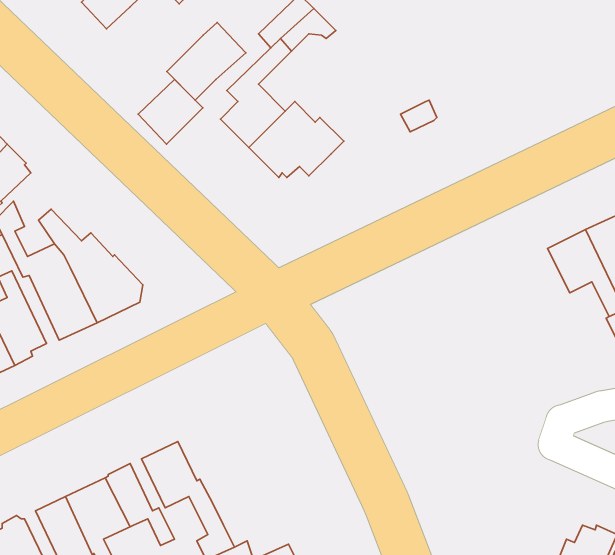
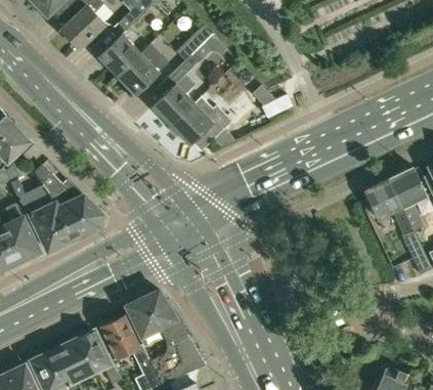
building: [138,79,203,144] -> [98,34,140,76]
building: none -> [124,290,206,384]

